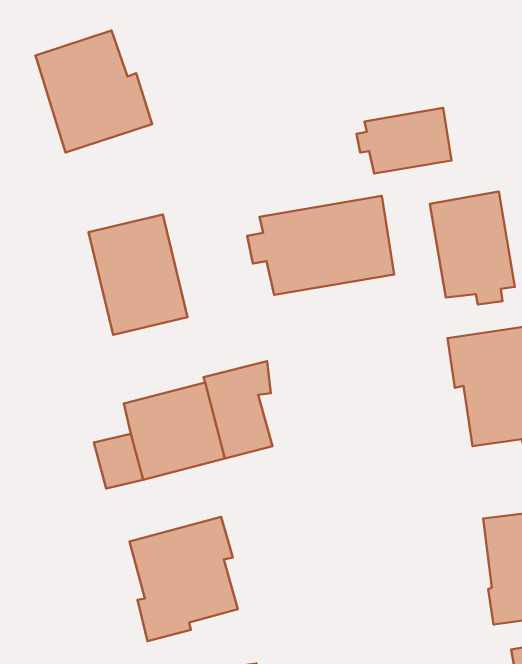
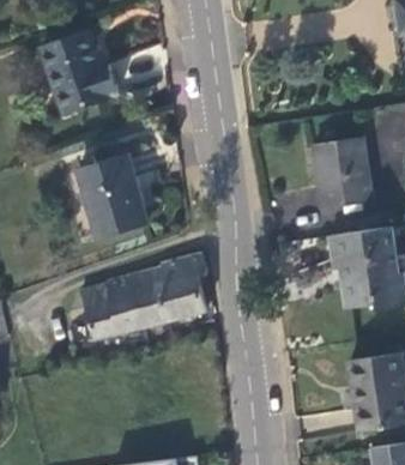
building: [357,108,452,174] -> none
building: [247,196,394,295] -> none
building: [129,517,238,641] -> none

